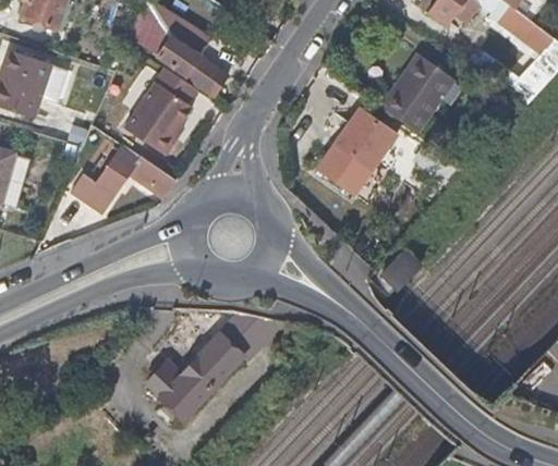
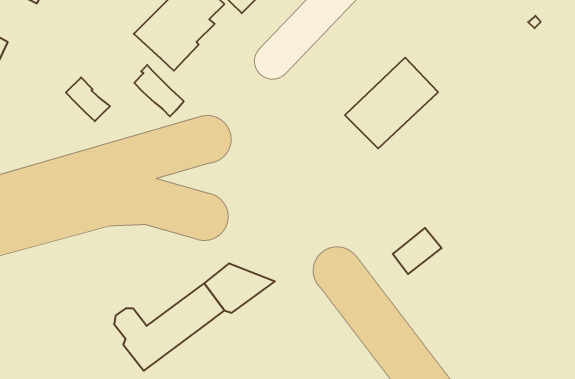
building: [385,52,457,126] -> none
building: [95,149,137,196] -> none

